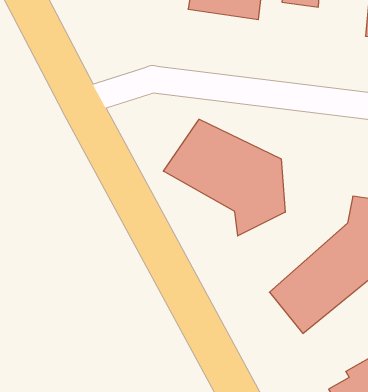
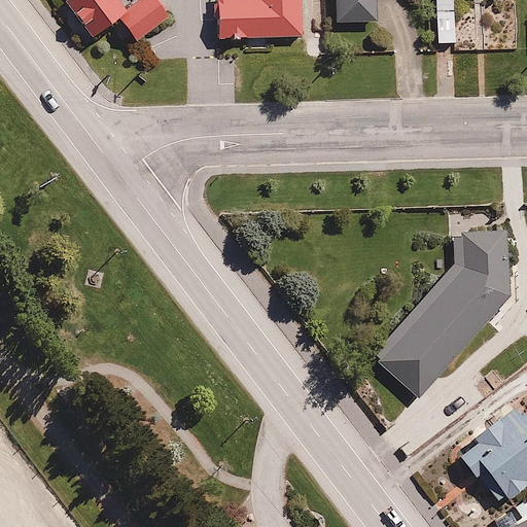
building: [163,119,285,236] -> none

